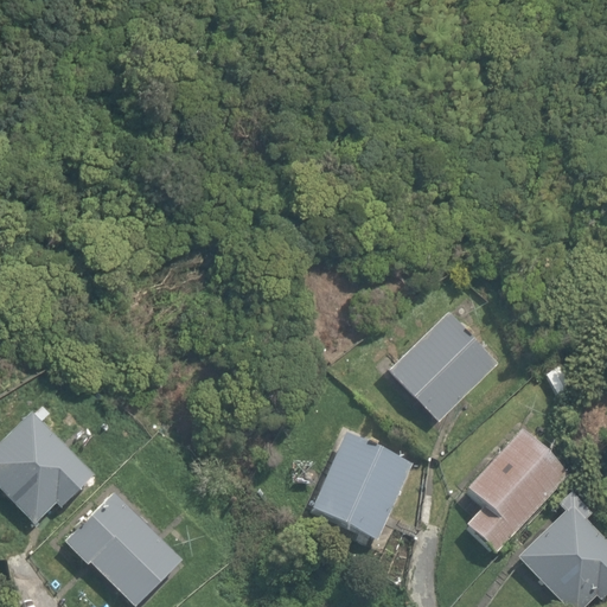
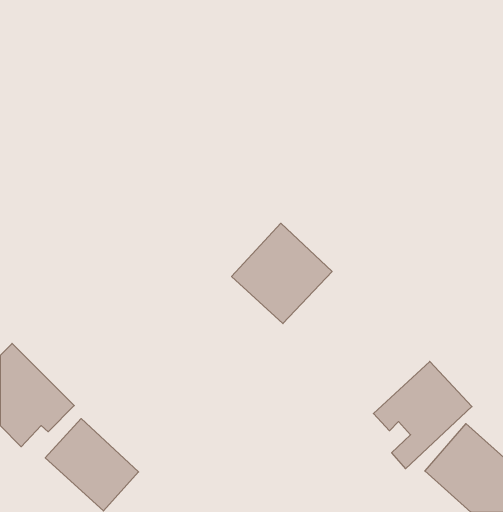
building: [384,304,503,422] -> [232,223,332,324]
building: [308,432,415,539] -> none

